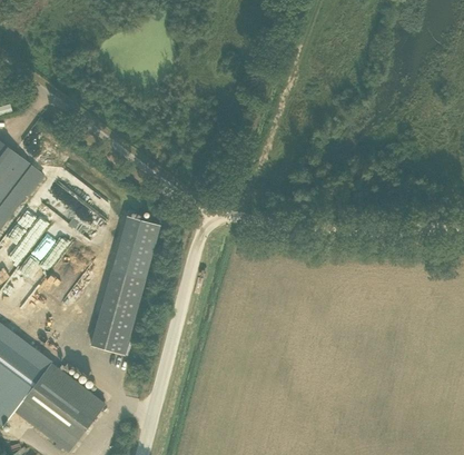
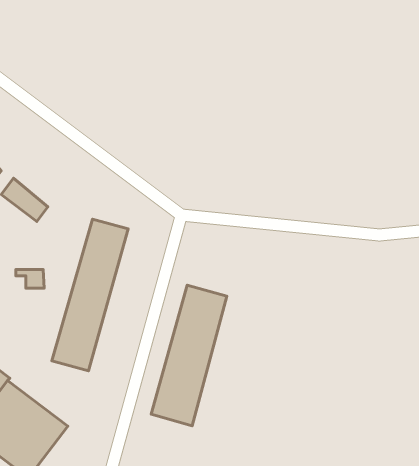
building: none -> [151,285,227,426]

